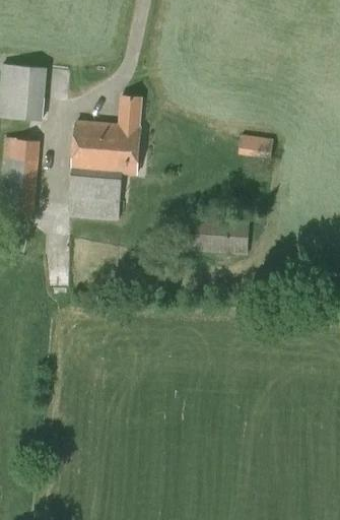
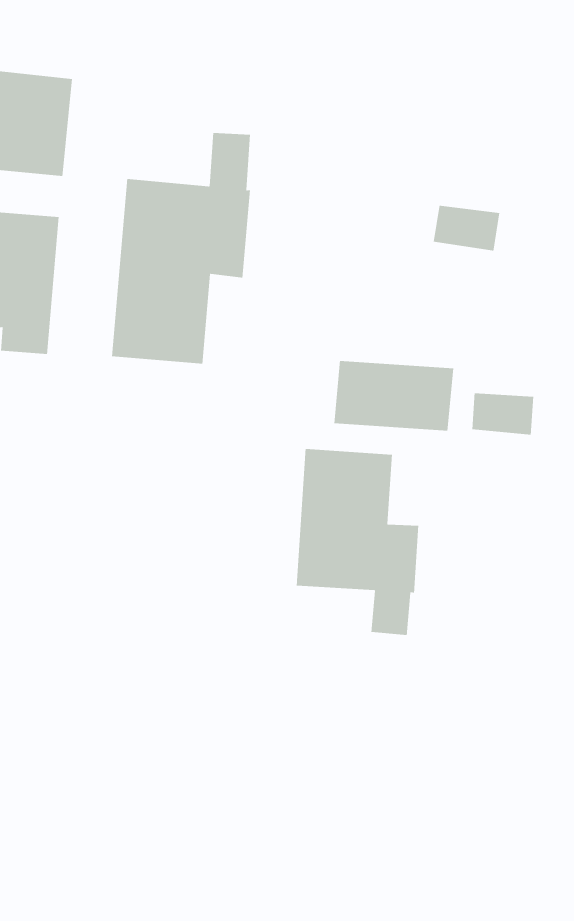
building: none -> [472,393,534,435]
building: none -> [296,448,419,636]

